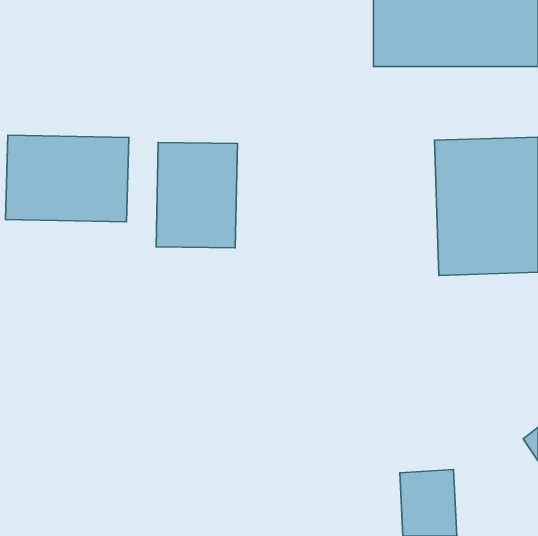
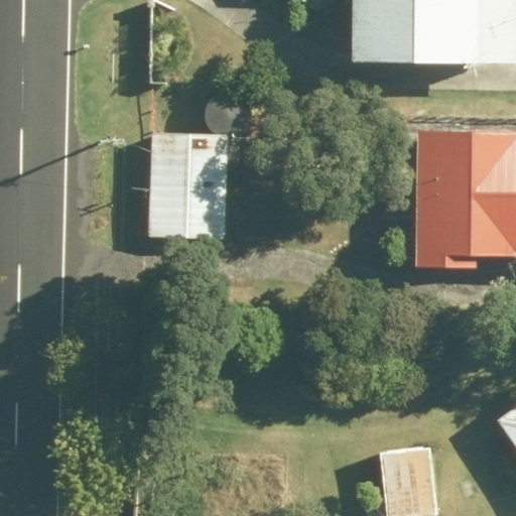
building: [5,135,129,222] -> none

